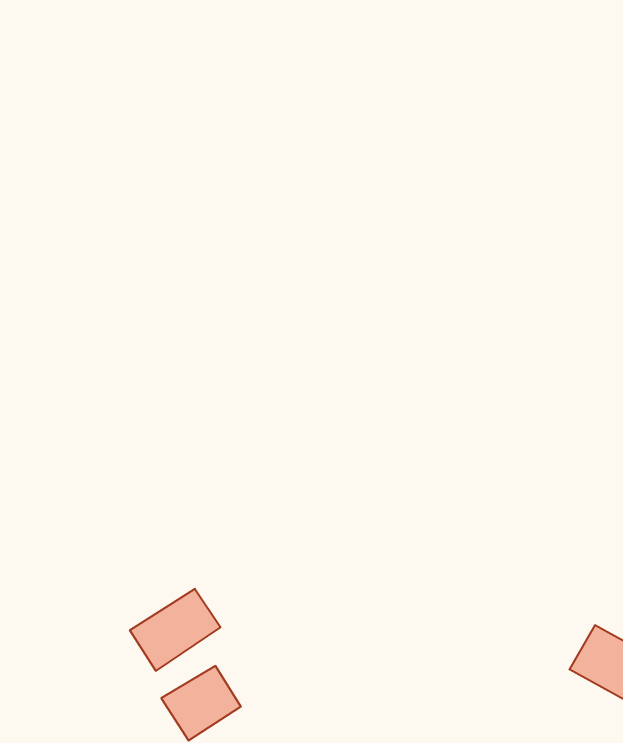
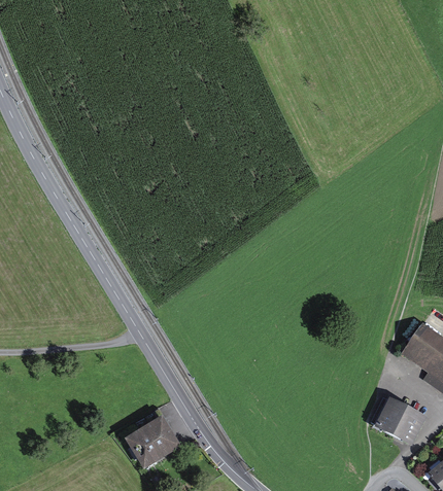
building: [130,589,220,671] -> none

